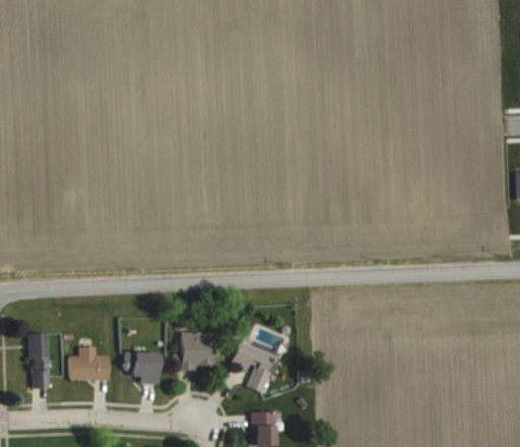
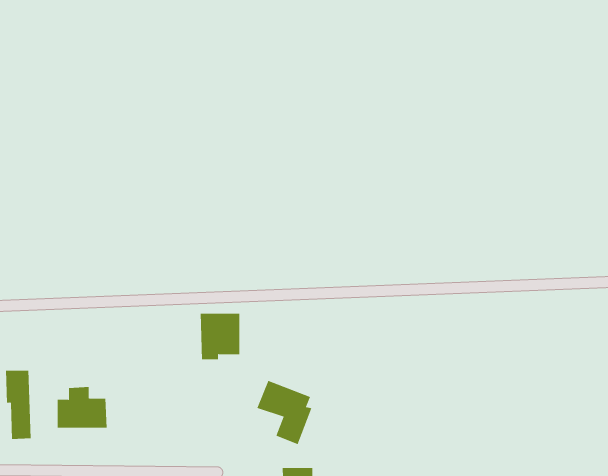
building: [180,332,212,370] -> [200,313,240,360]
building: [125,352,159,384] -> none

